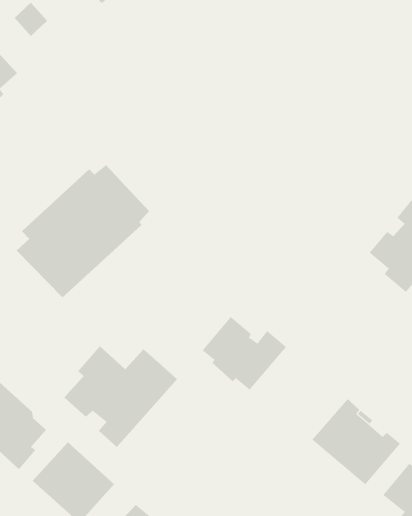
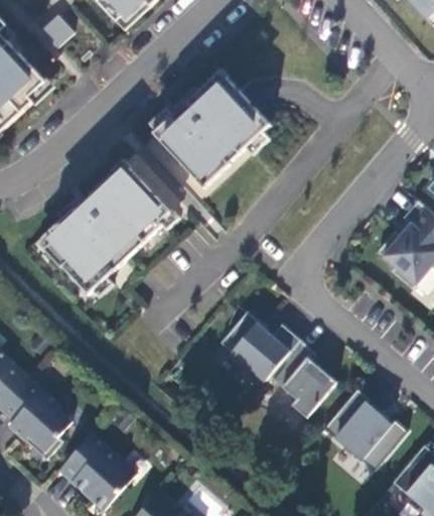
building: none -> [152,77,270,188]
building: [64,346,178,448] -> none
building: none -> [268,341,335,419]

